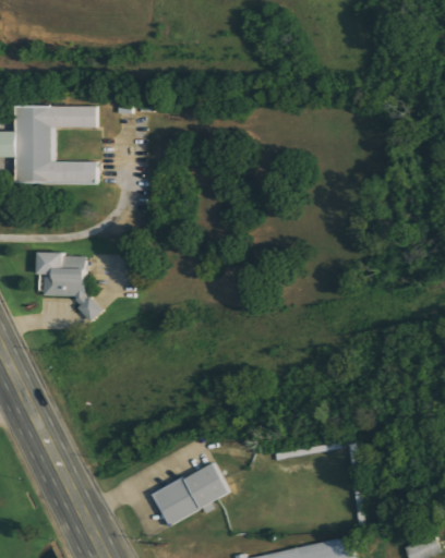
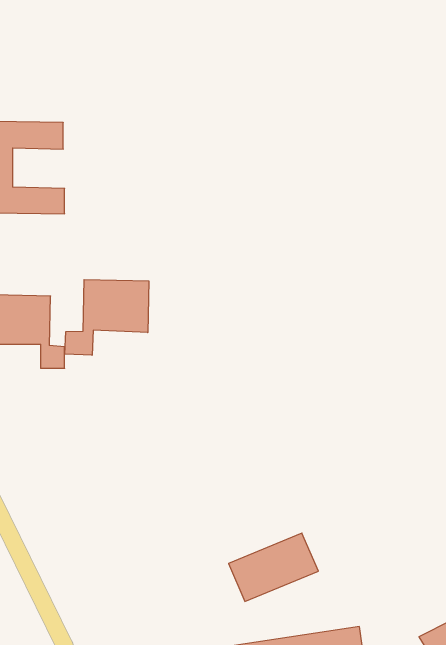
building: none -> [65,280,149,355]
building: [152,465,229,524] -> [229,533,318,601]

